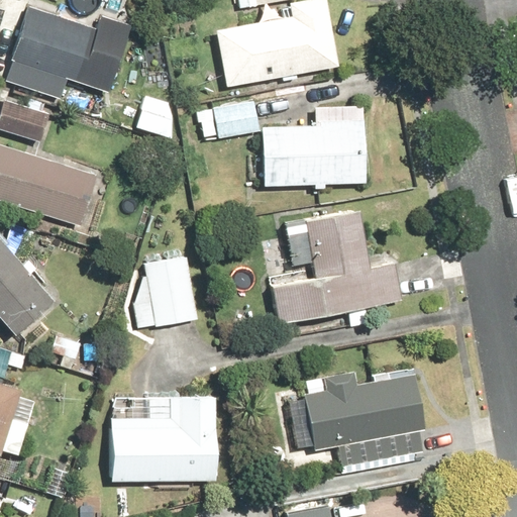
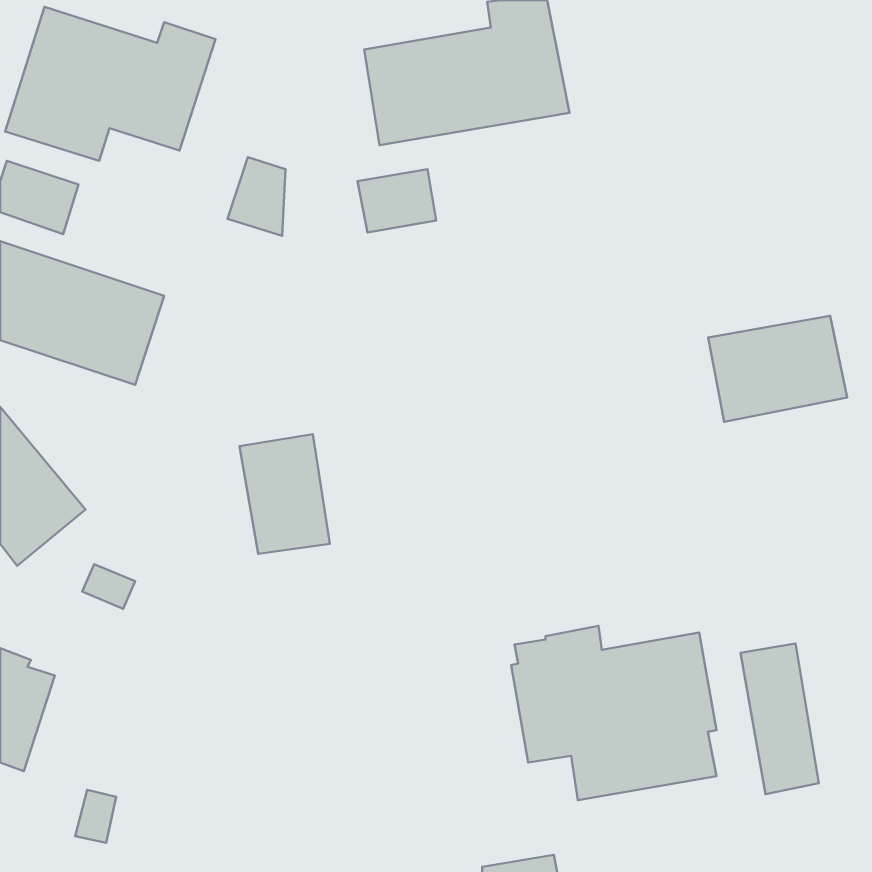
building: [261,107,365,187] -> none
building: none -> [708,316,847,422]
building: [269,209,403,325] -> none
building: none -> [740,643,819,794]
building: [110,394,215,482] -> none

